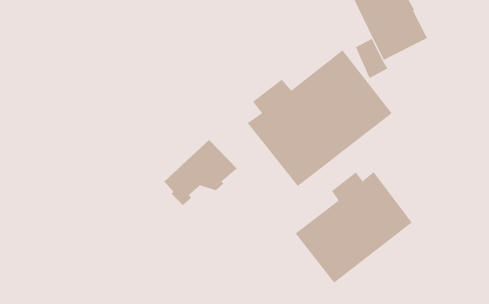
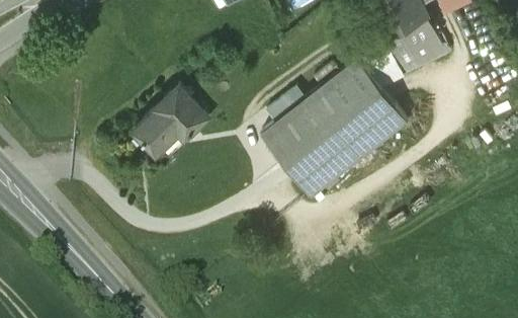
building: [164,139,237,206] -> [135,86,208,153]
building: [295,171,413,284] -> none

